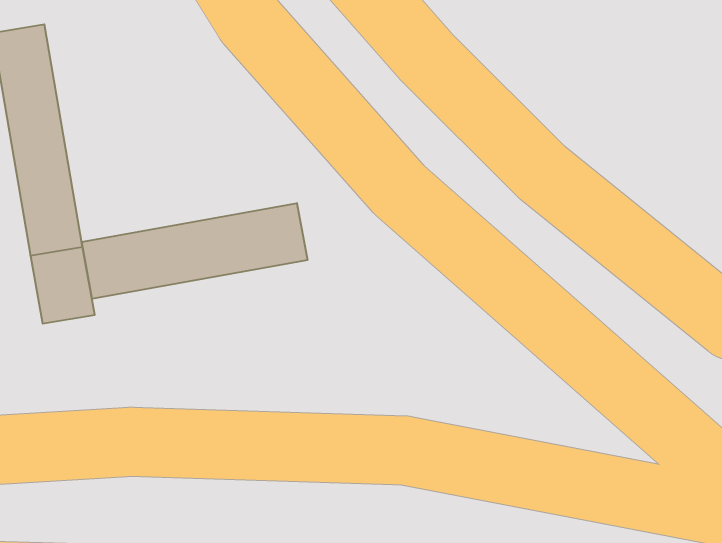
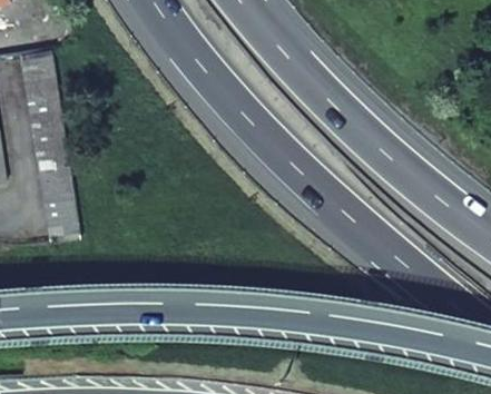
building: [82,203,307,299] -> none

